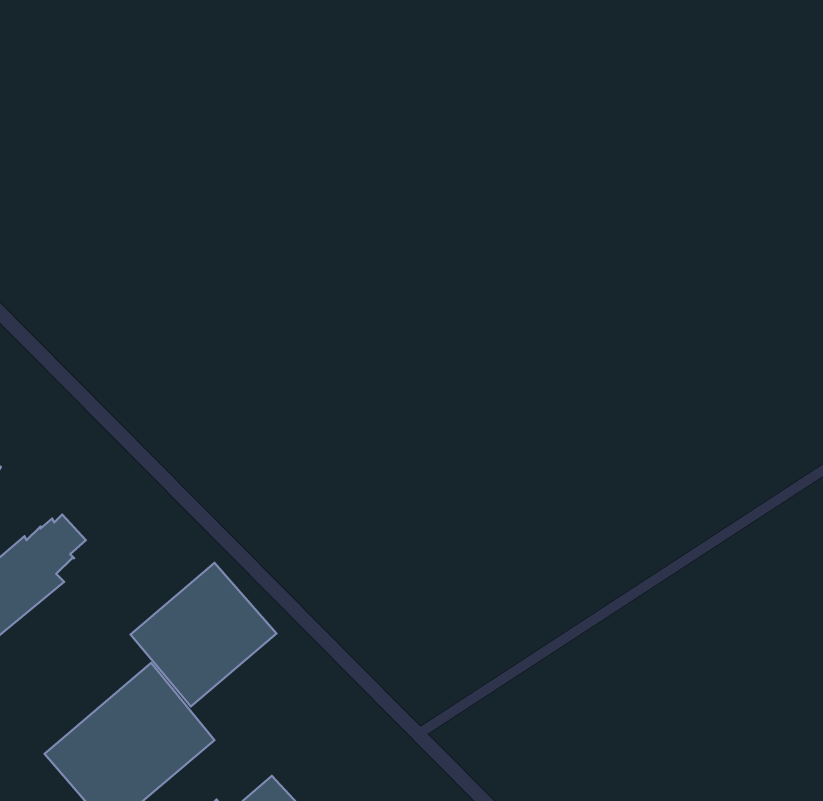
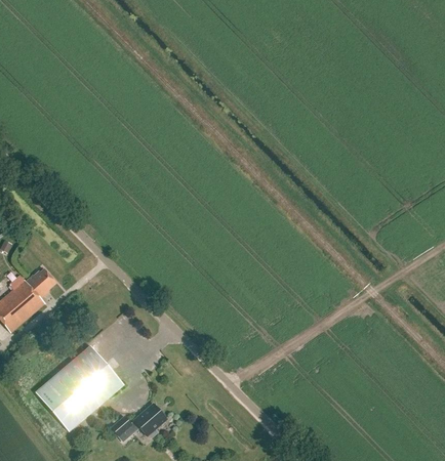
building: [131,563,276,706] -> none

